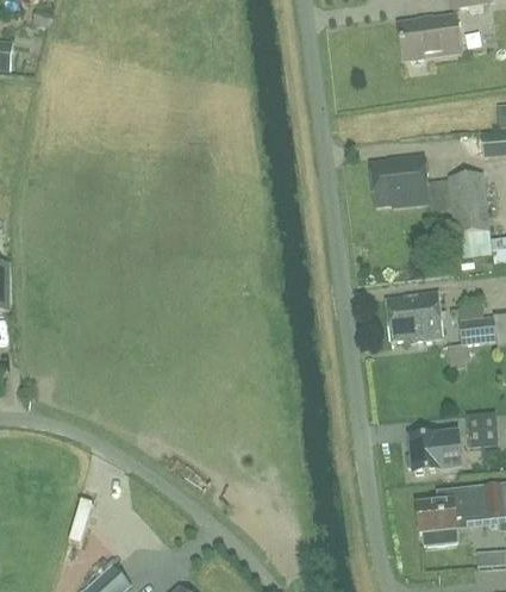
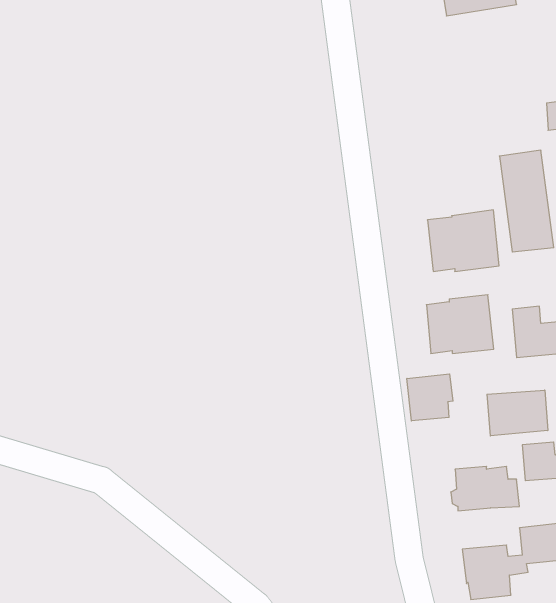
building: [370,155,430,206] -> [427,210,499,271]
building: none -> [407,374,453,421]
building: none -> [487,390,548,436]

